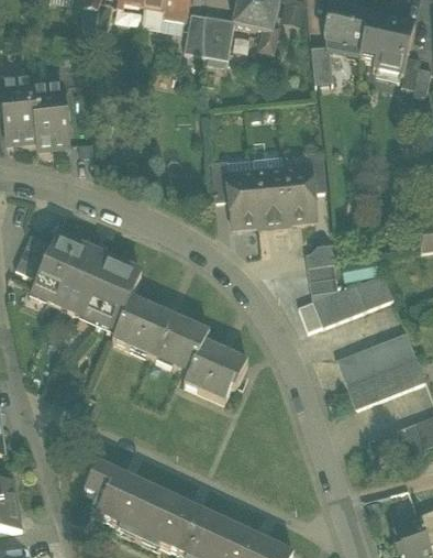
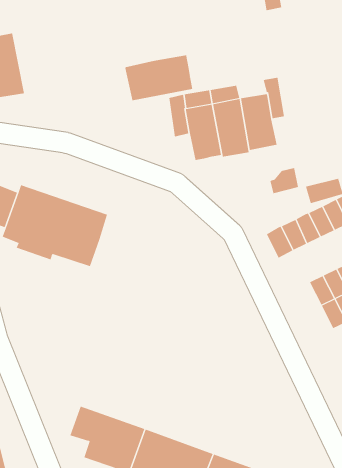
building: none -> [124,54,193,101]
building: [308,264,337,302] -> none
building: [113,299,247,401] -> none

